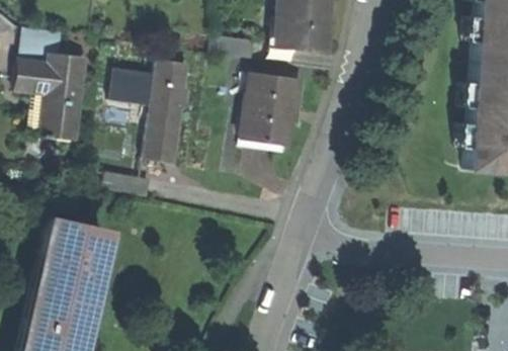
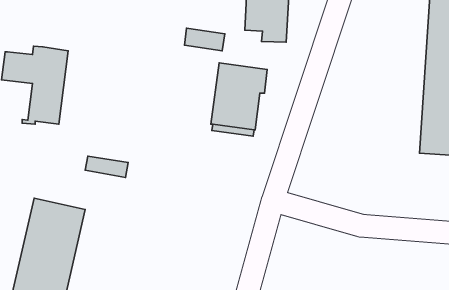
building: [23,27,65,63] -> none
building: [113,60,190,162] -> none

